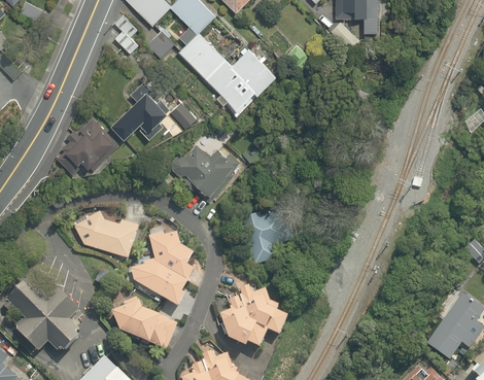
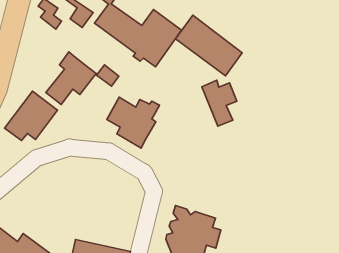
building: none -> [175,15,242,76]
building: [74,212,138,258] -> none
building: [242,212,280,266] -> [202,80,237,126]
building: [127,222,206,309] -> none

